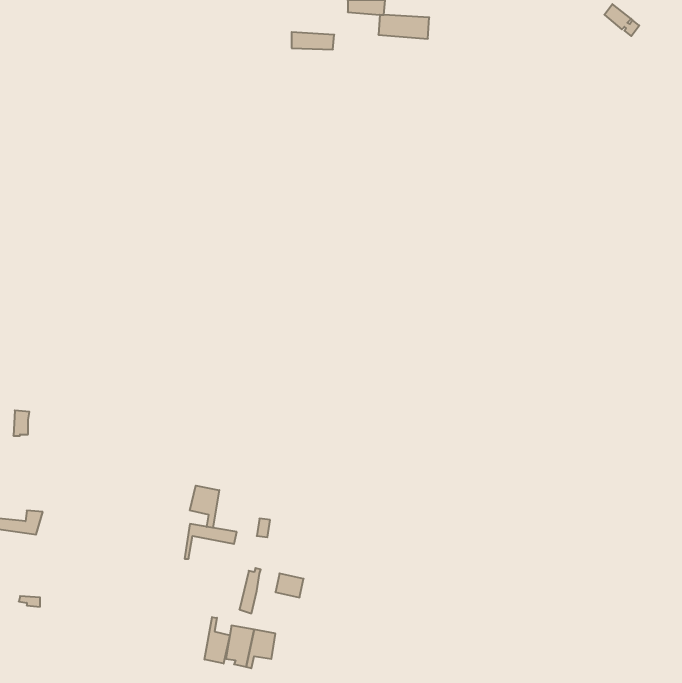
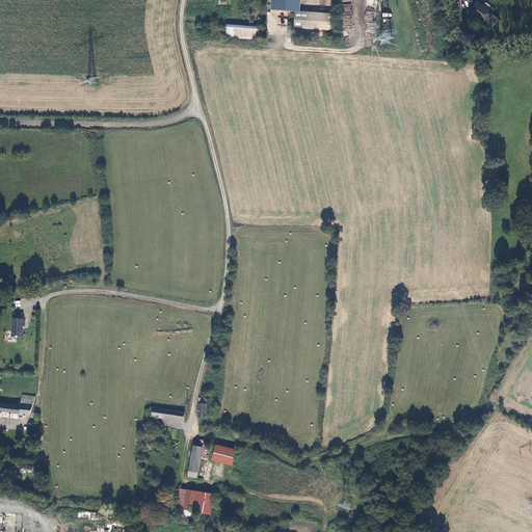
building: [190,486,219,528] -> none
building: [205,617,230,664] -> none

